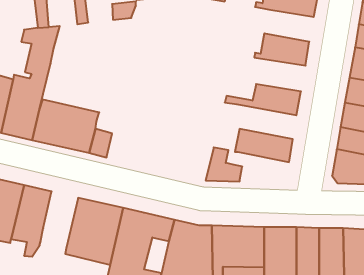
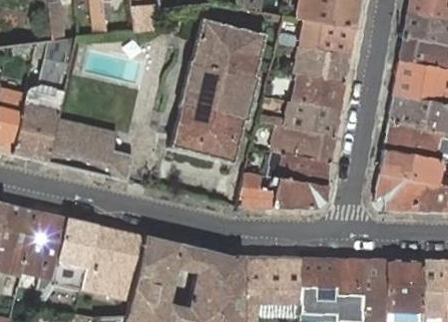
building: none -> [169,19,264,163]
building: none -> [276,21,354,56]
building: none -> [291,74,345,110]
building: none -> [268,124,335,163]
building: none -> [270,177,327,210]
building: none -> [53,220,96,292]

